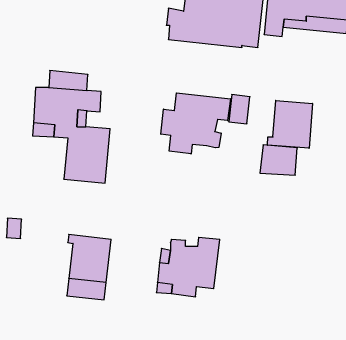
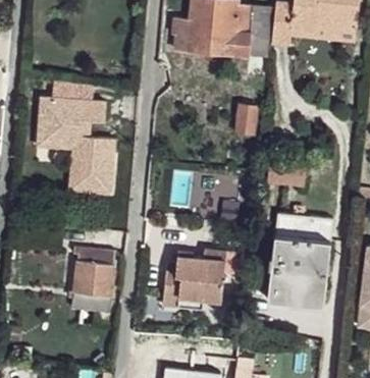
building: [161,93,231,154] -> none
building: [267,100,312,148] -> none
building: none -> [268,214,333,307]

